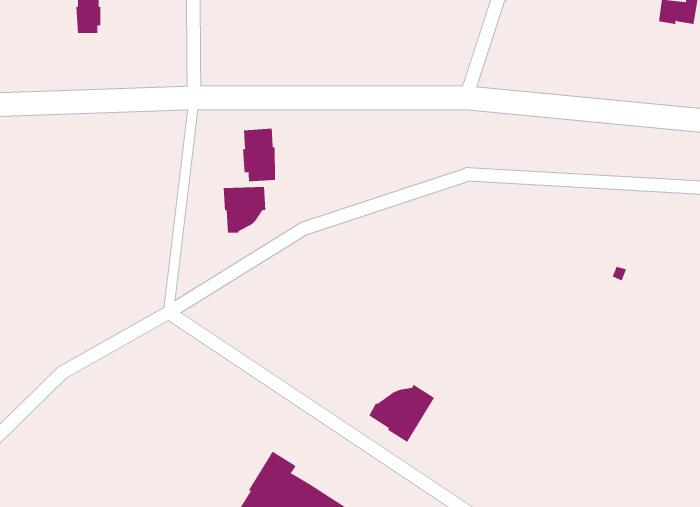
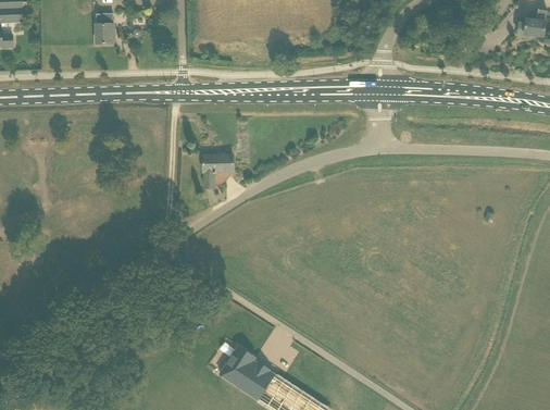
building: [243,128,275,182] -> none
building: [368,384,435,443] -> none

